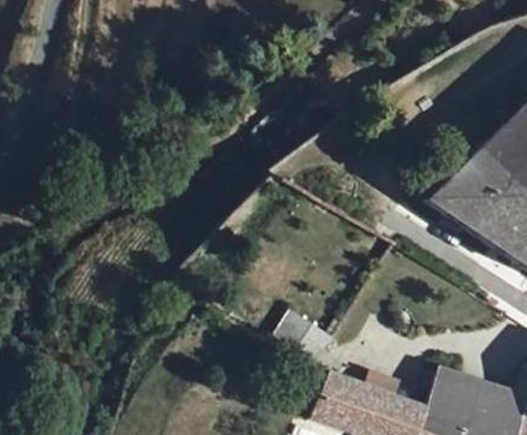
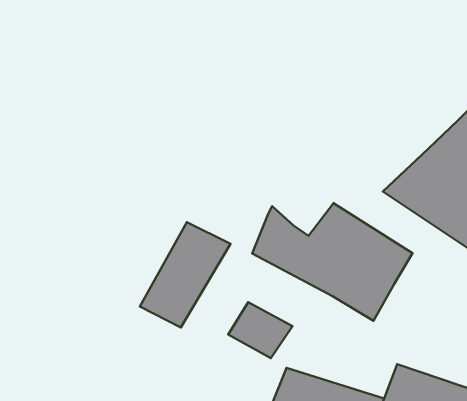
building: none -> [252,203,413,321]
building: none -> [140,222,230,327]

